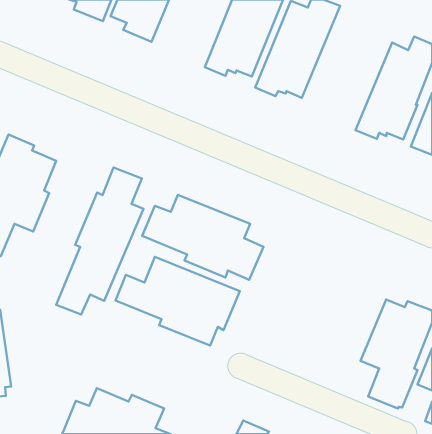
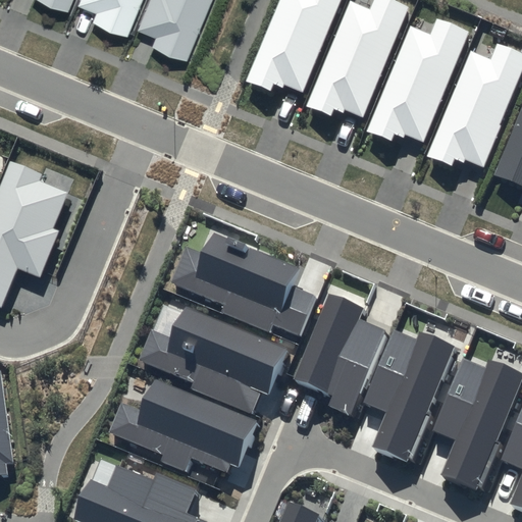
building: none -> [366,19,467,142]
building: [56,168,143,315] -> none
building: none -> [294,294,386,415]
building: none -> [363,330,454,462]
building: none -> [109,380,257,472]

